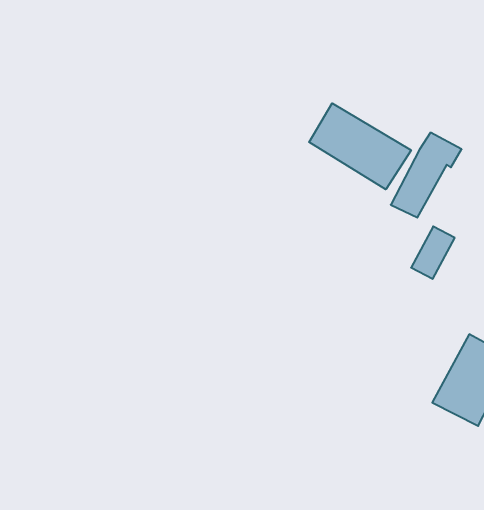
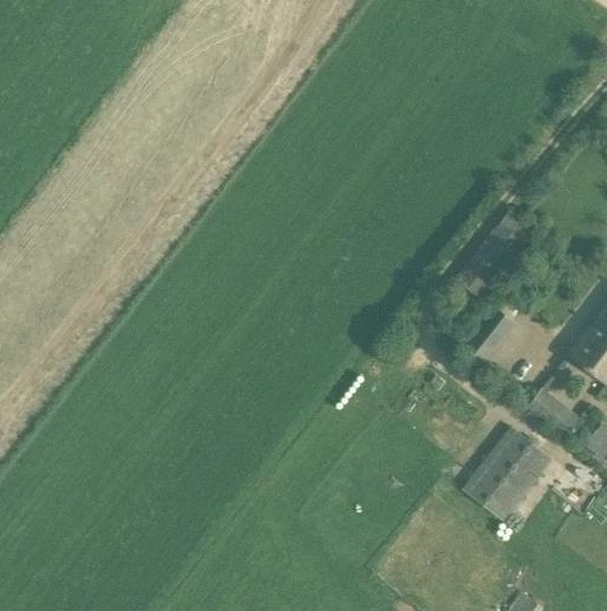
building: [309,103,411,189] -> none

